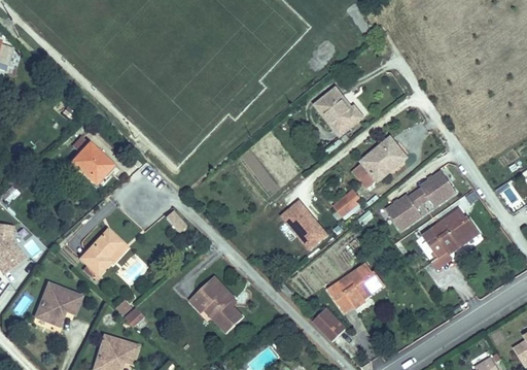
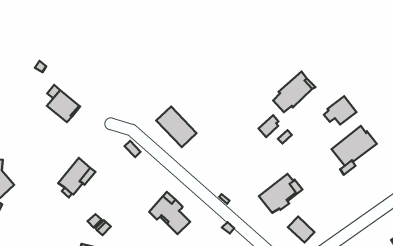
building: [315,88,363,136] -> none
building: [386,193,423,230] -> none
building: [279,199,328,250] -> [156,106,197,147]
building: [35,283,81,326] -> none
building: [313,308,346,341] -> [288,217,315,243]

